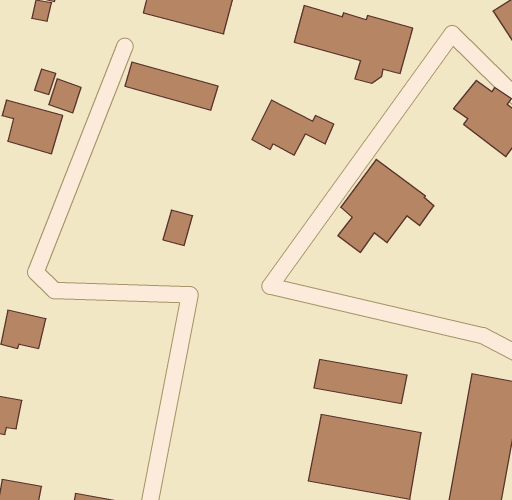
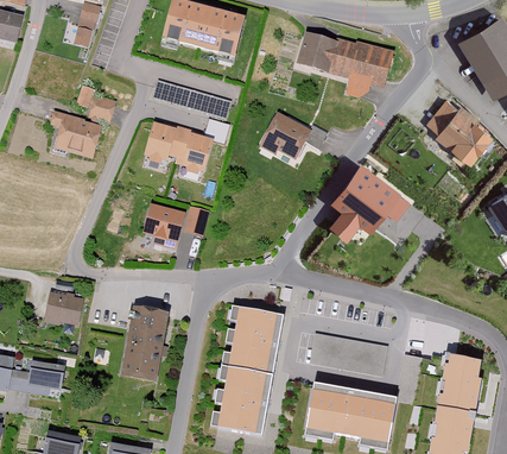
building: none -> [141,122,210,176]
building: none -> [140,207,180,250]
building: none -> [218,303,284,436]
building: none -> [122,305,170,380]

